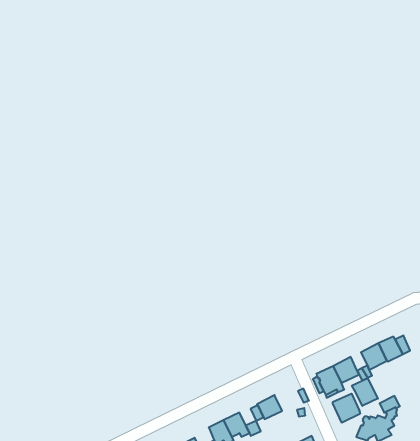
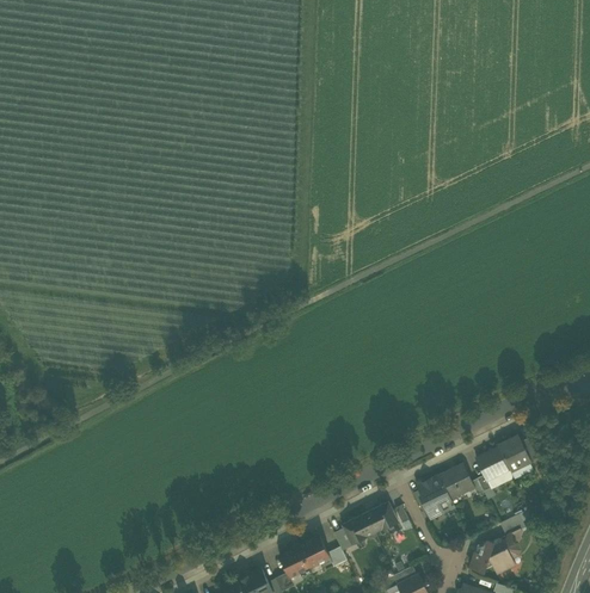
building: [352,378,378,406] -> none
building: none -> [364,504,398,535]
building: [333,394,360,423] -> none

